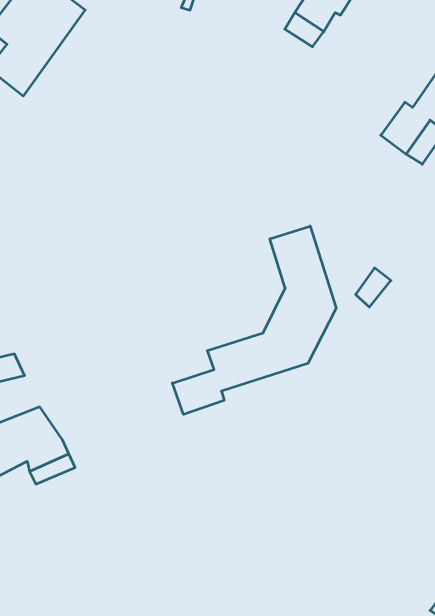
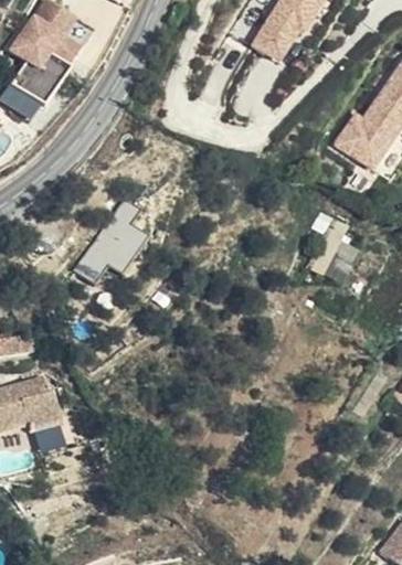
building: none -> [76,199,148,284]
building: [172,226,336,414] -> none

